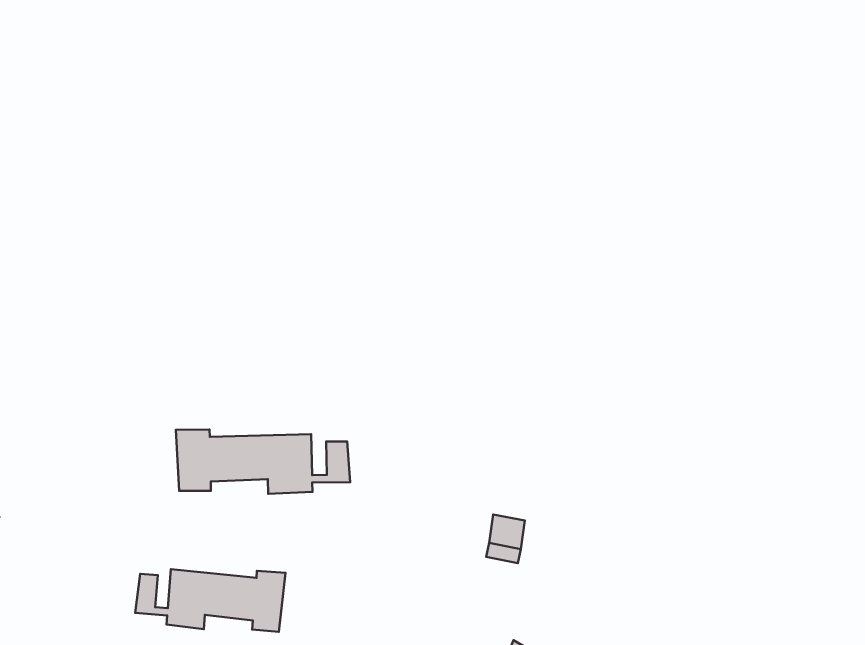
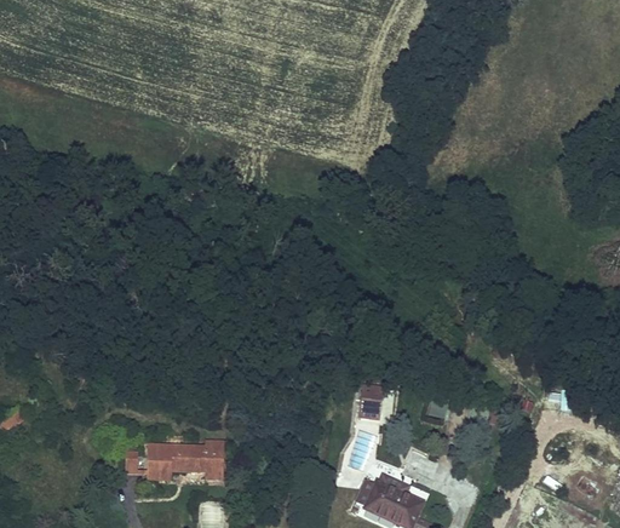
building: [176,430,350,494] -> none

